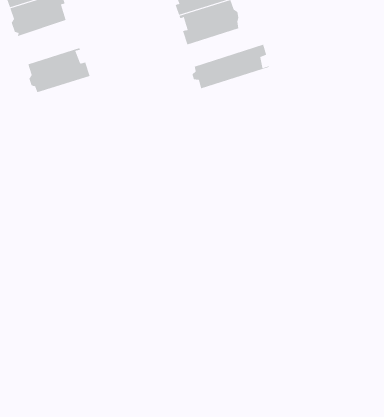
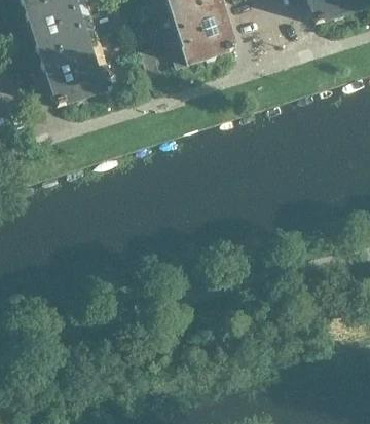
building: none -> [41,39,96,77]
building: [192,44,269,89] -> none

